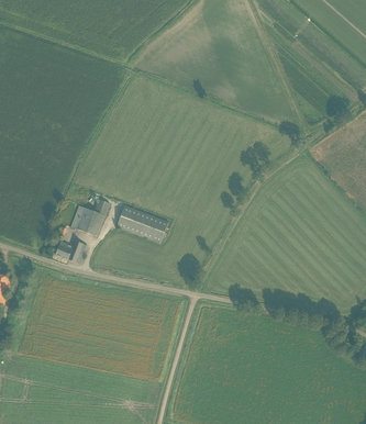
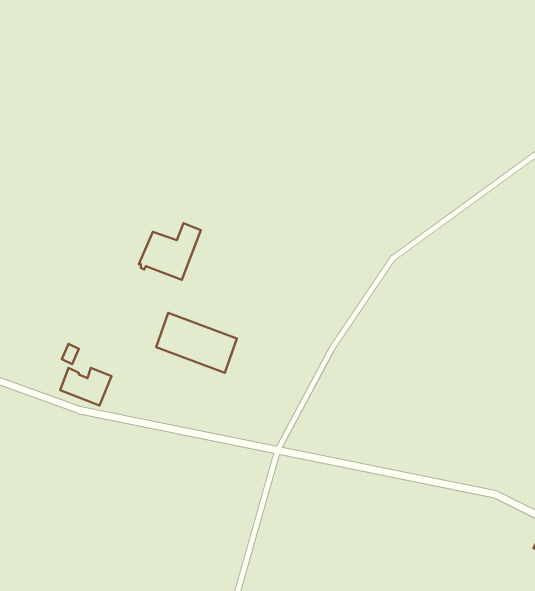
building: [70,199,110,235] -> [139,223,201,280]

